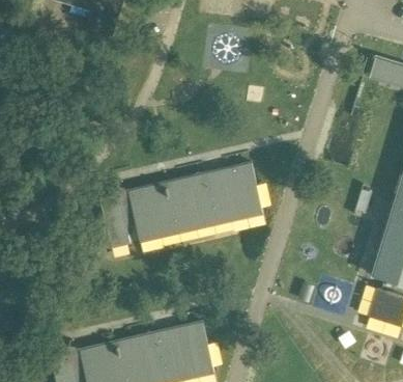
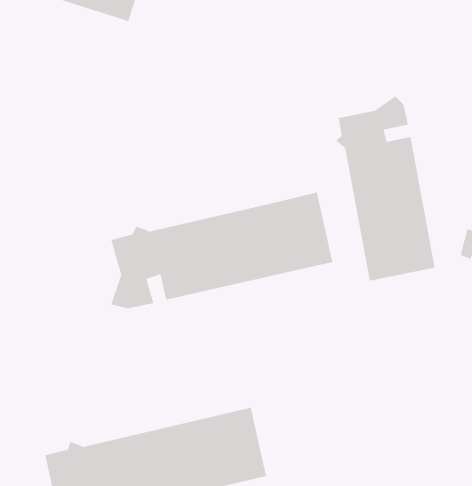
building: none -> [335,96,435,282]

